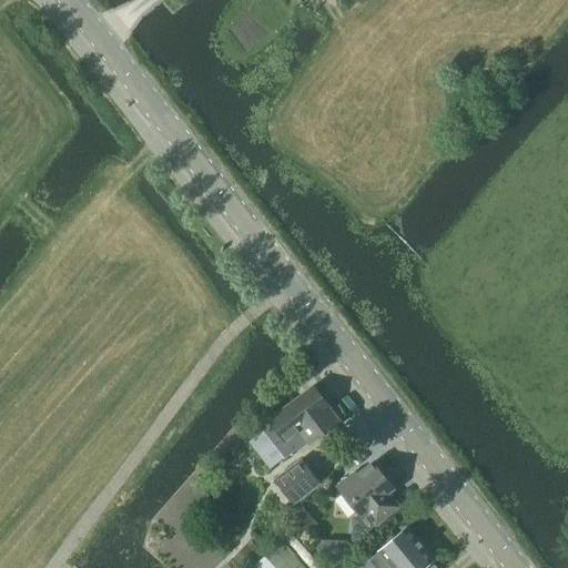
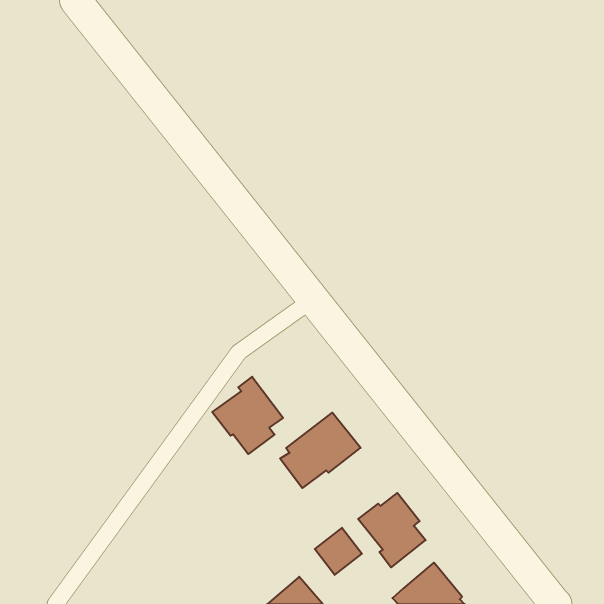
building: none -> [212,377,283,454]
building: [274,460,318,505] -> [315,528,362,575]

